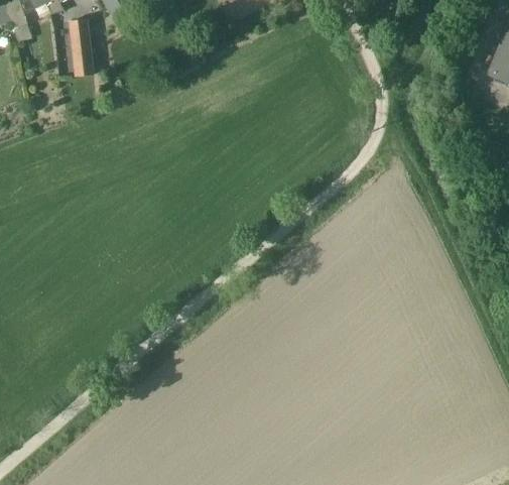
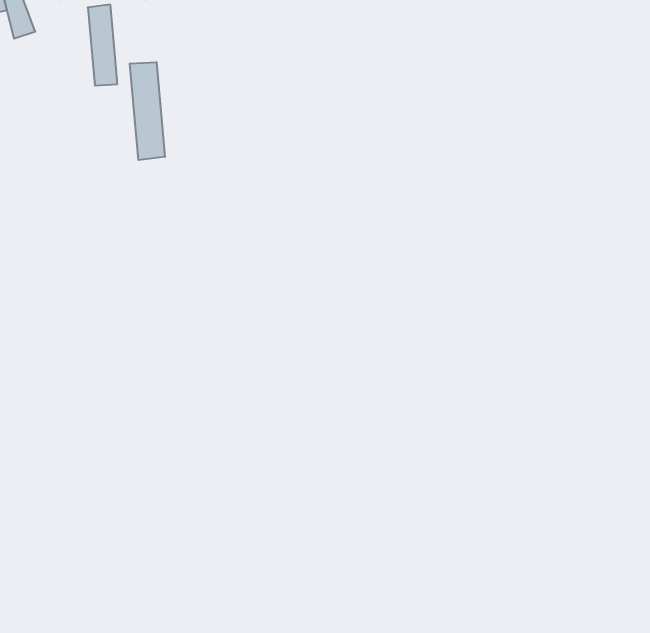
building: none -> [130,62,165,160]

